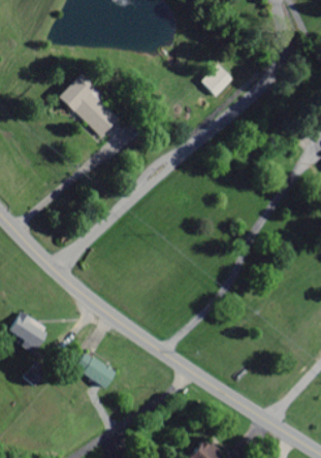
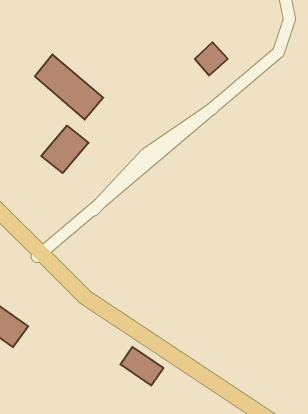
building: none -> [41,126,89,173]
building: [75,352,116,388] -> [120,347,163,386]

